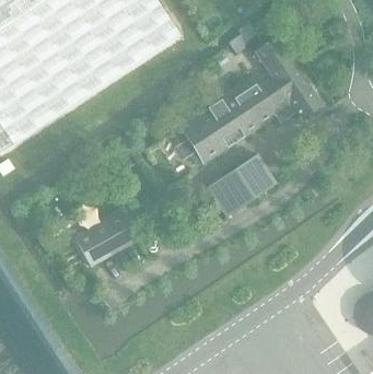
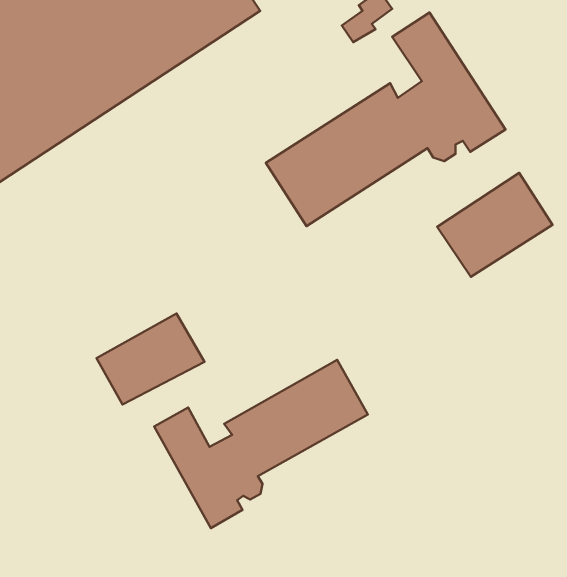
building: [208,155,276,217] -> [437,173,552,277]
building: none -> [154,360,368,528]

